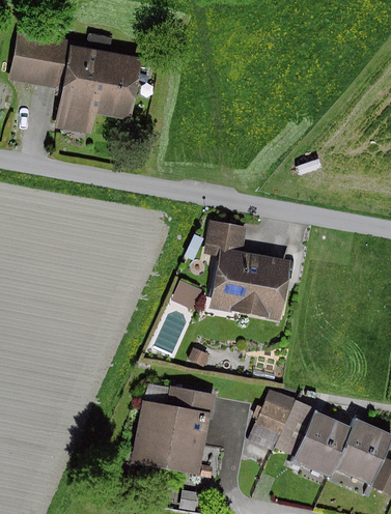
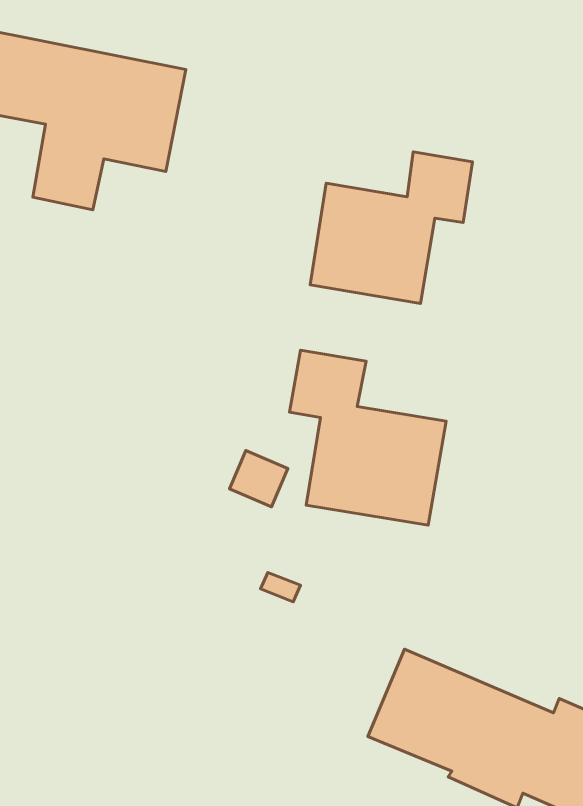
building: none -> [310,152,473,304]
building: [132,387,219,473] -> none

